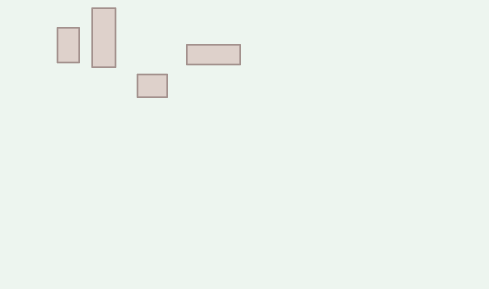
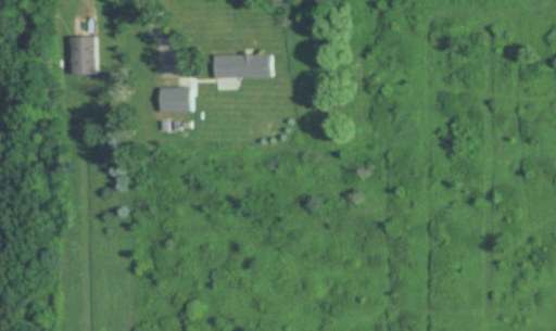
building: [92,8,115,67] -> none

